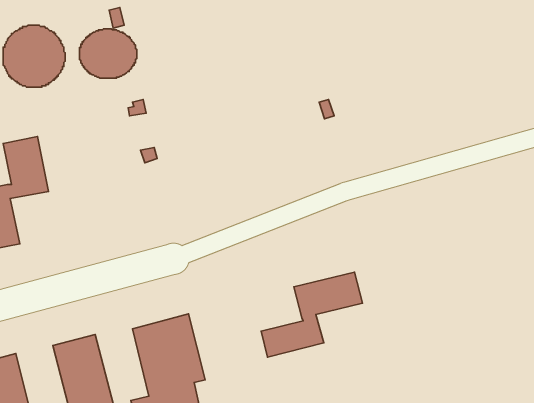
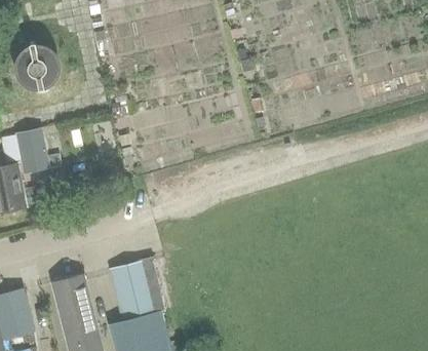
building: [80,29,137,78] -> none
building: [261,272,362,357] -> none

